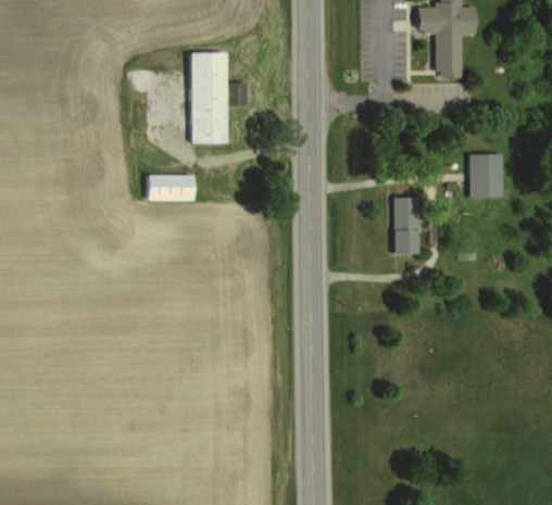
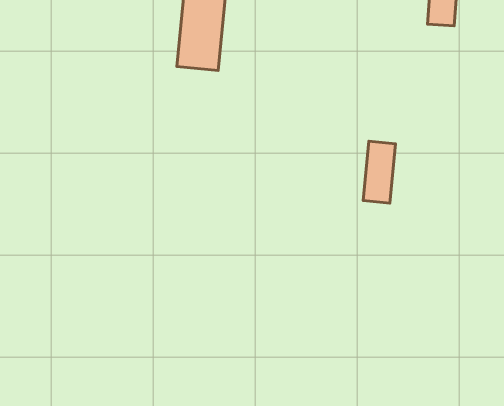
building: [466,154,501,186] -> none
building: [158,175,204,201] -> none

